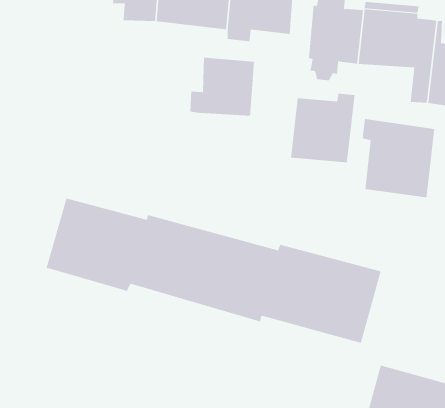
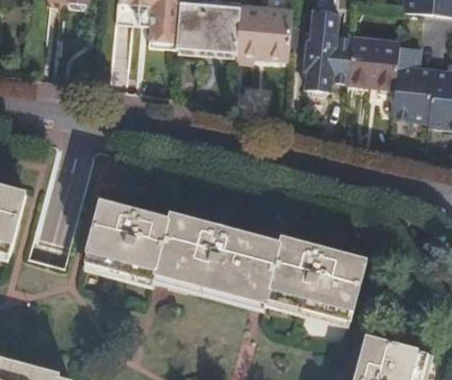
building: [190,57,255,117] -> none
building: [291,93,355,163] -> none
building: [362,118,435,198] -> none

